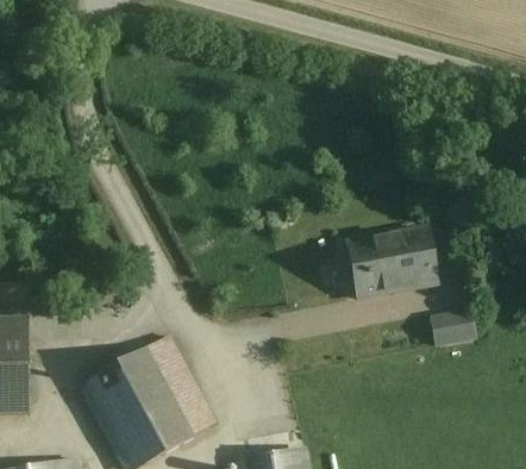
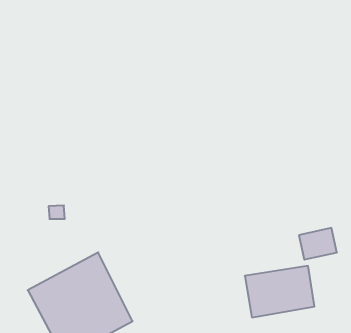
building: [343,227,434,295] -> [245,266,314,317]

